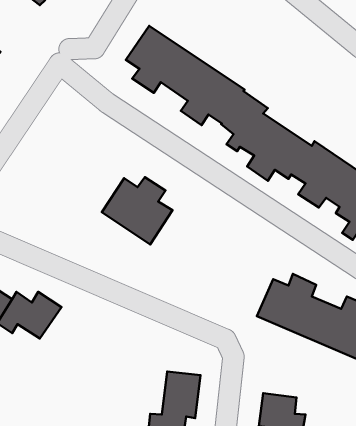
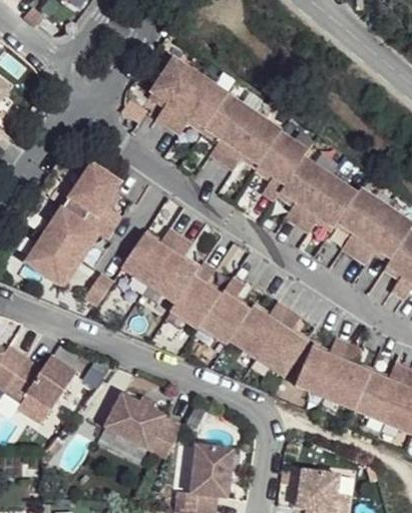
building: none -> [26,162,122,286]
building: none -> [170,260,308,375]
building: none -> [104,393,182,458]

